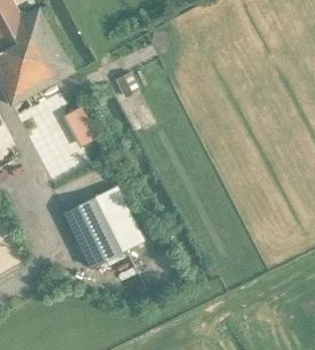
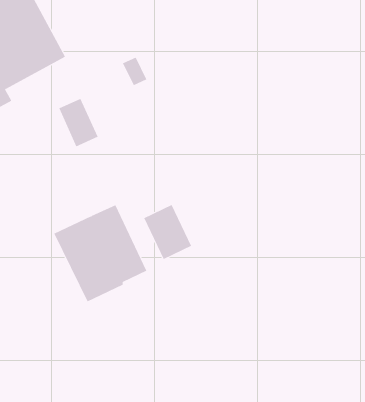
building: none -> [143,204,192,260]

